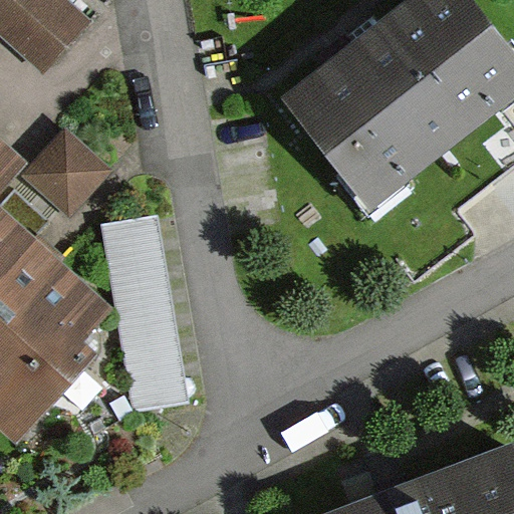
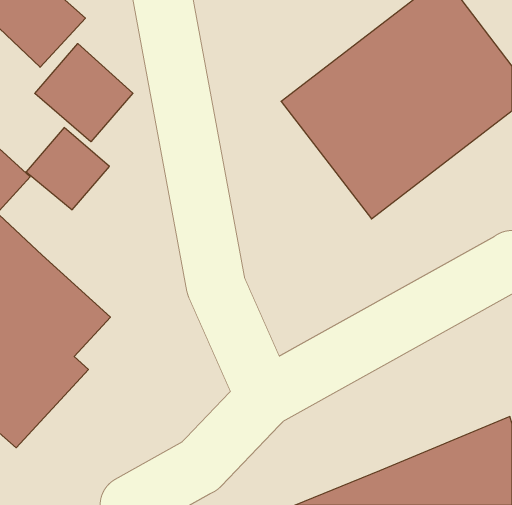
building: none -> [35,44,133,142]
building: [102,215,191,403] -> none

